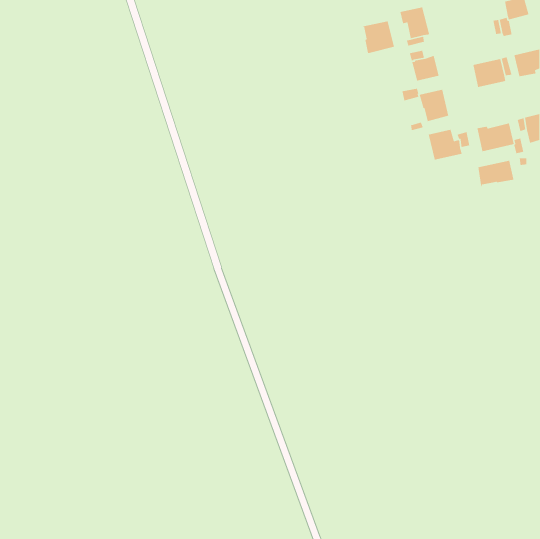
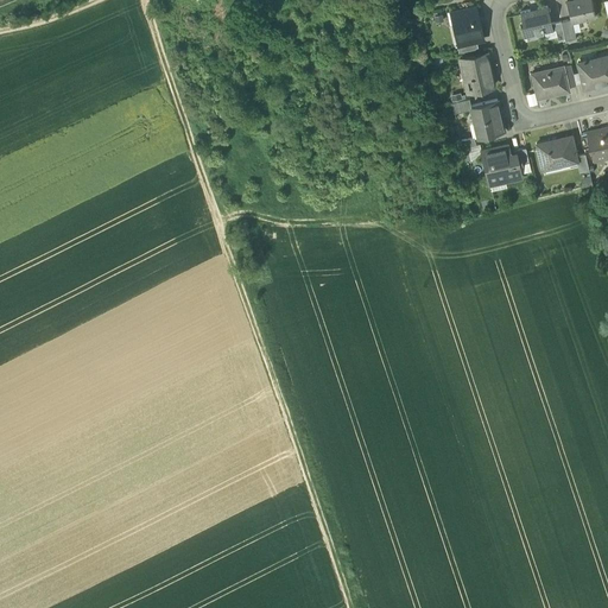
building: none -> [520,6,552,37]
building: [361,20,395,54] -> none
building: [477,160,515,187] -> none

